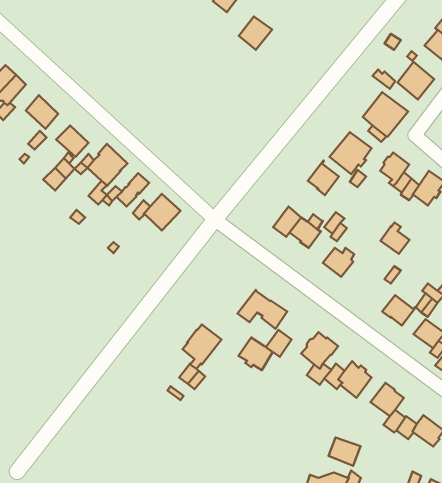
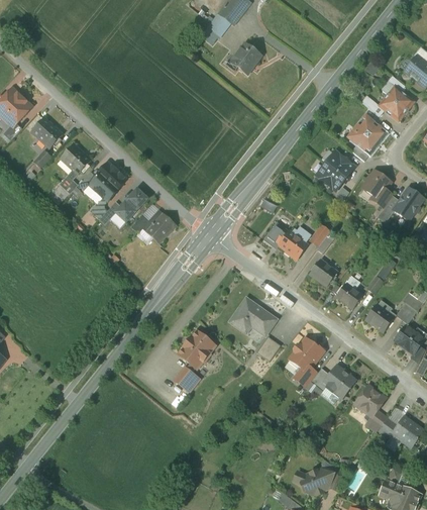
building: [308,160,339,195] -> none
building: [380,223,410,254] -> [335,279,362,308]
building: [238,337,273,370] -> none
building: [329,437,360,466] -> none

